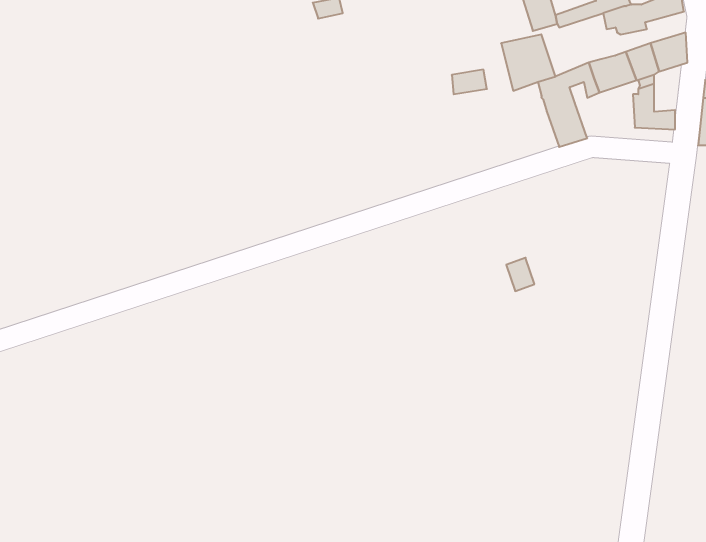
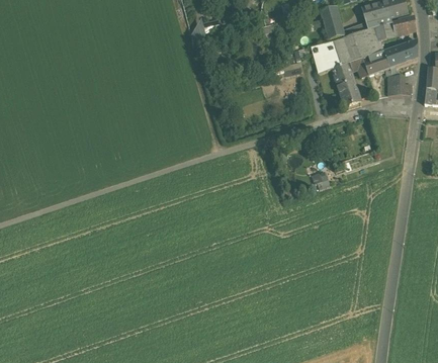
building: none -> [335,28,377,65]

